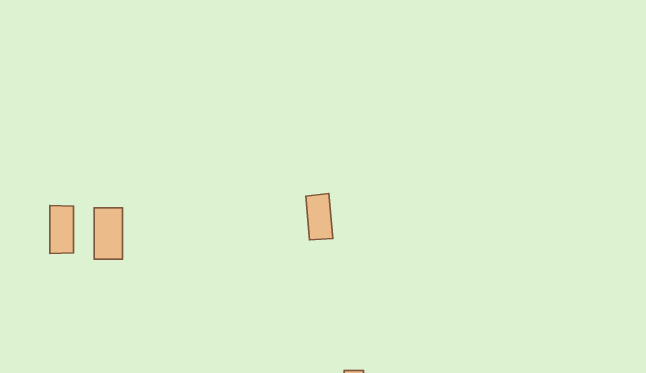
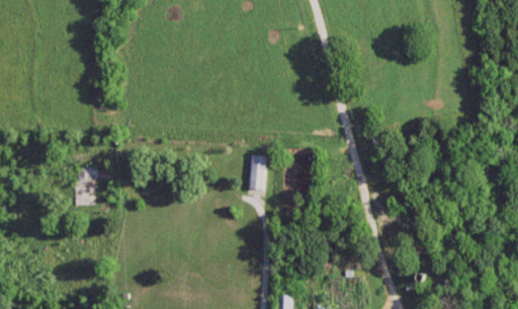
building: [50,206,74,253] -> none

